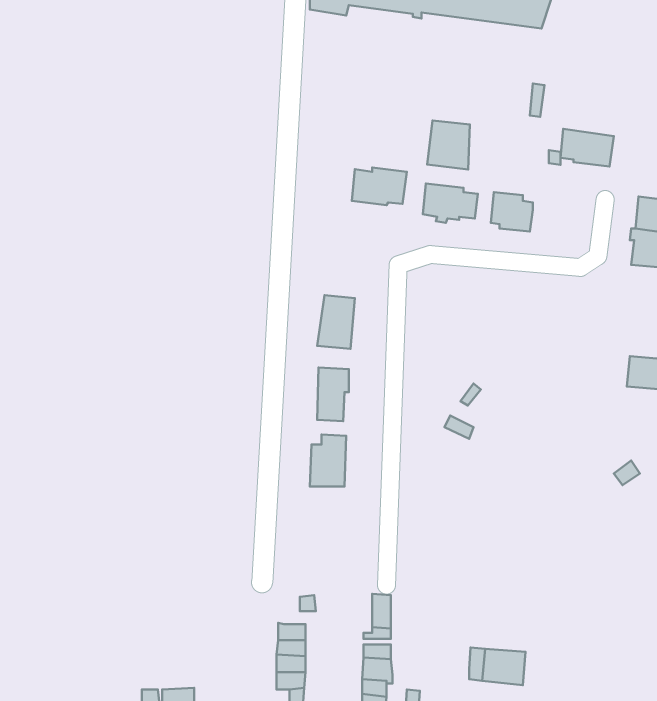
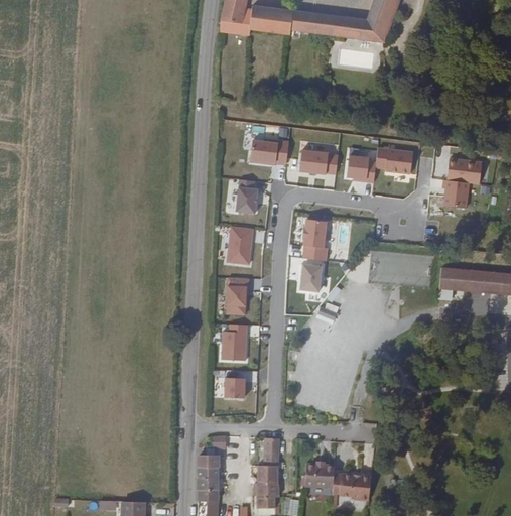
building: [427,120,470,169] -> none
building: [560,129,614,167] -> [376,147,413,173]
building: none -> [235,178,257,213]
building: none -> [302,220,327,261]
building: none -> [298,264,322,292]
building: none -> [224,378,244,398]
building: none -> [304,466,334,487]

